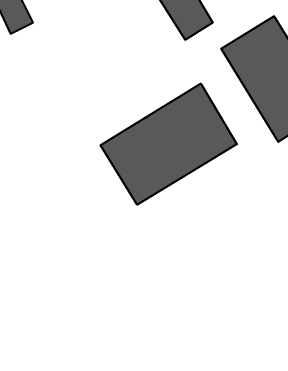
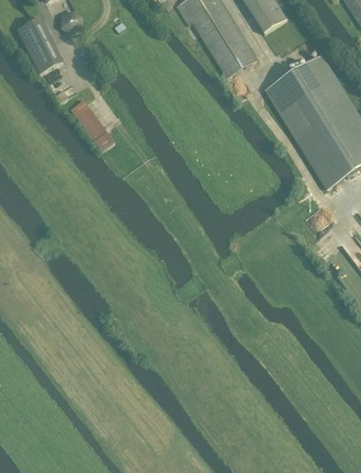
building: none -> [69,98,114,149]
building: [101,84,237,205] -> none

